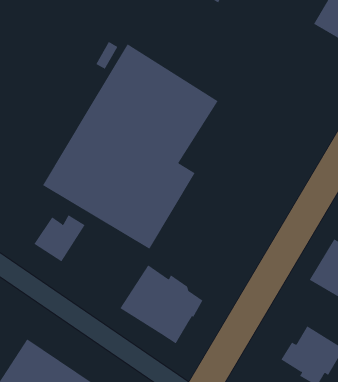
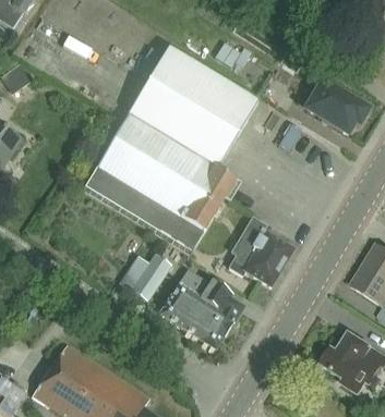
building: none -> [305,81,368,132]
building: none -> [229,217,293,285]
building: [33,214,86,262] -> [118,253,170,301]

